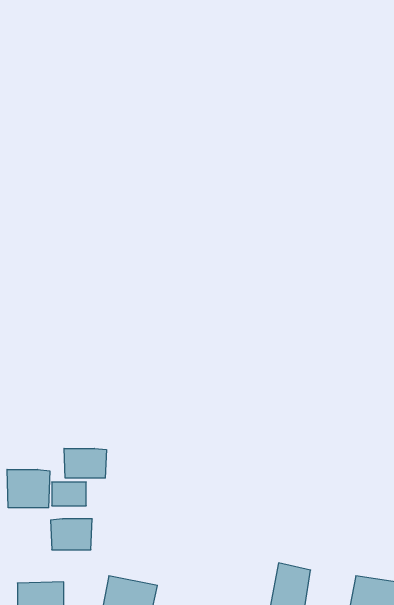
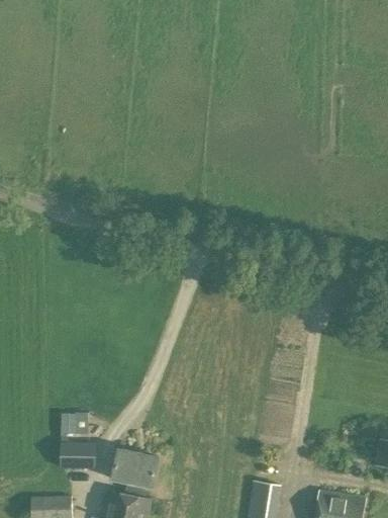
building: [64,448,106,478] -> none
building: [7,469,50,508] -> none
building: none -> [113,448,158,488]

